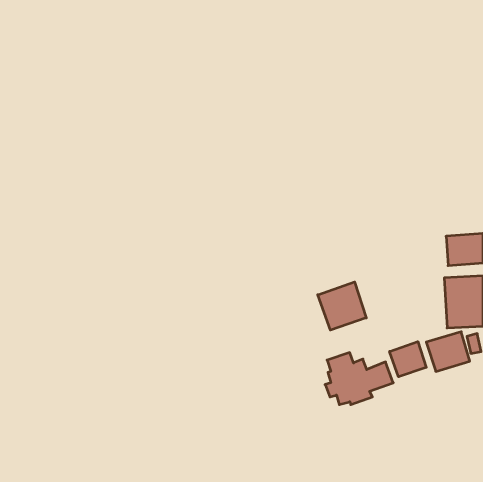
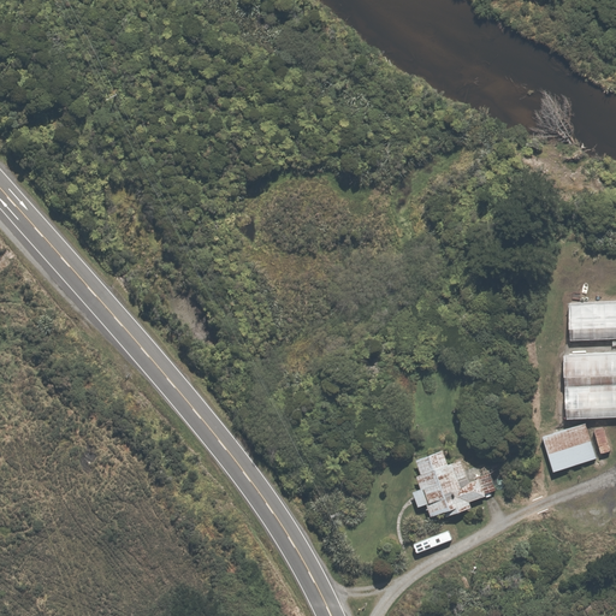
building: [318,282,366,330] -> none
building: [390,342,426,377] -> none

